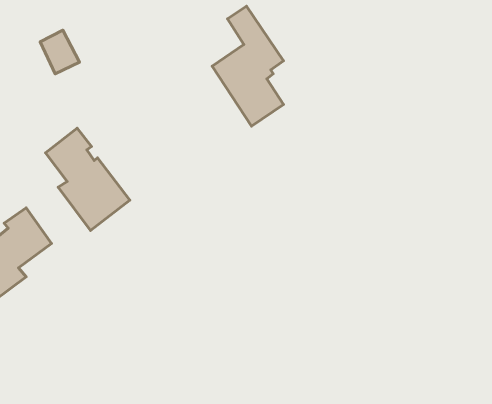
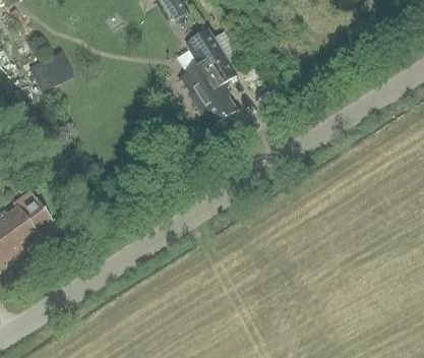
building: [46,128,130,231] -> none

